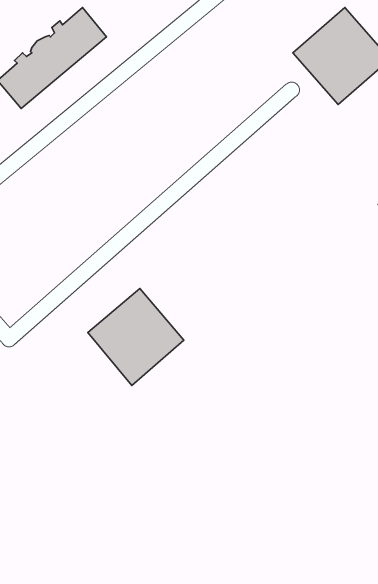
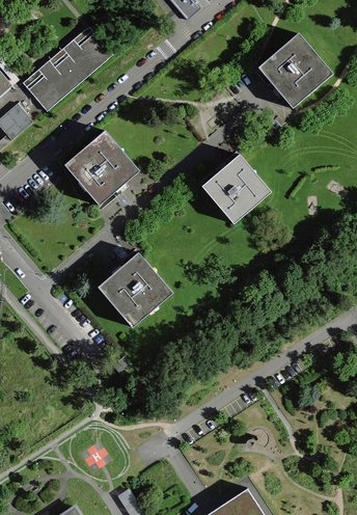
building: none -> [64,130,139,205]
building: none -> [201,154,271,223]

